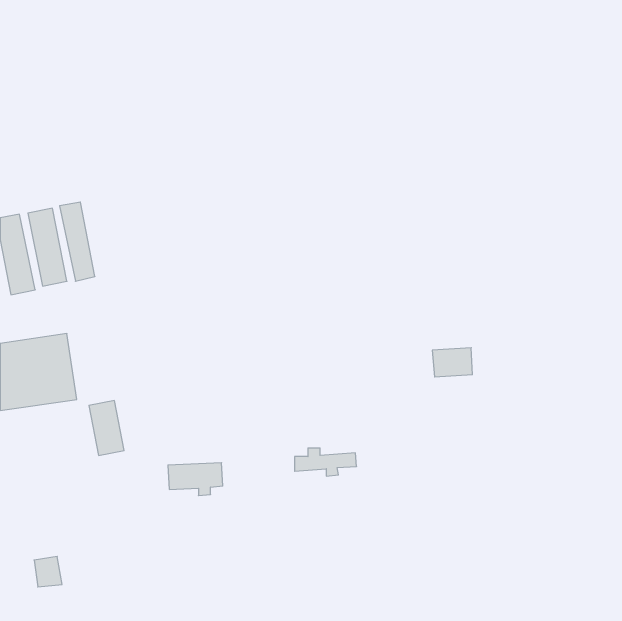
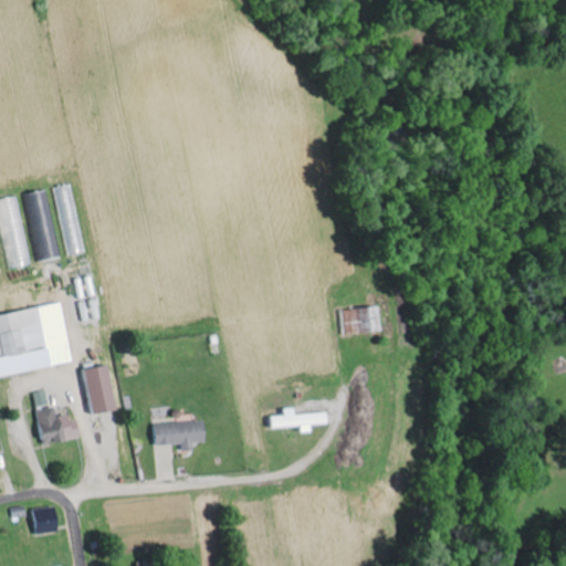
building: [432,348,472,377] -> [339,307,376,334]
building: none -> [32,390,76,444]

